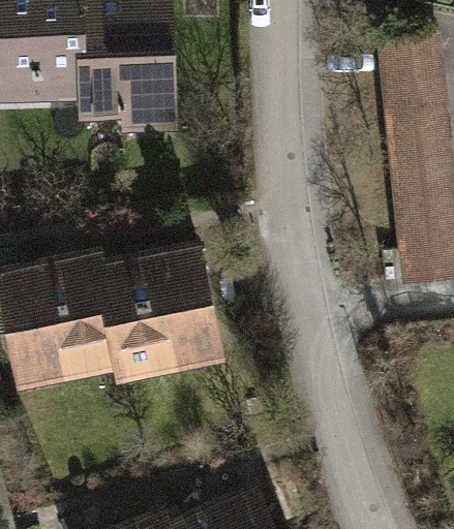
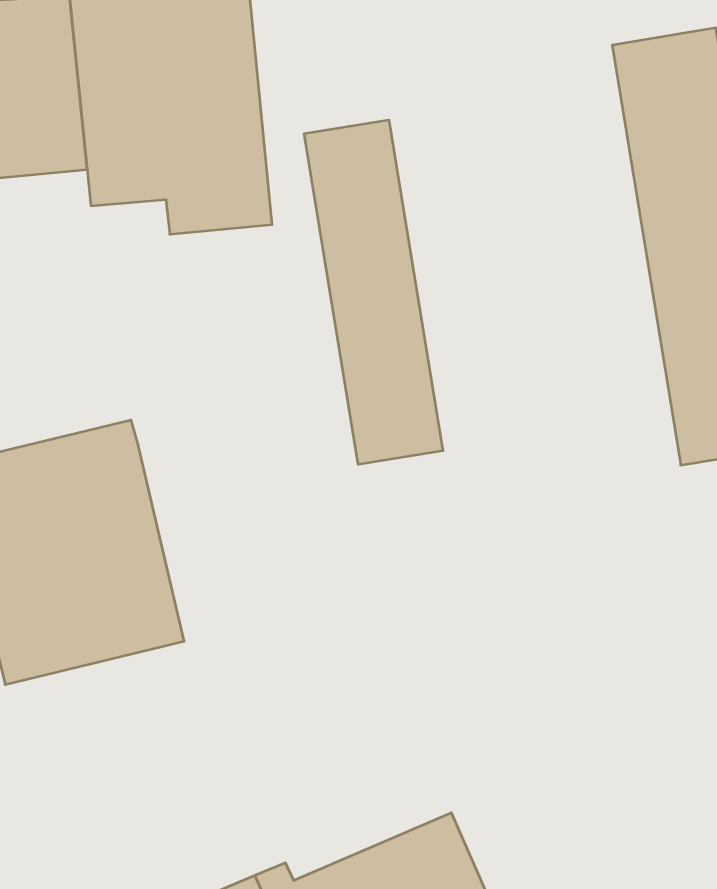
building: none -> [304,120,443,464]
building: [98,239,229,381] -> none

